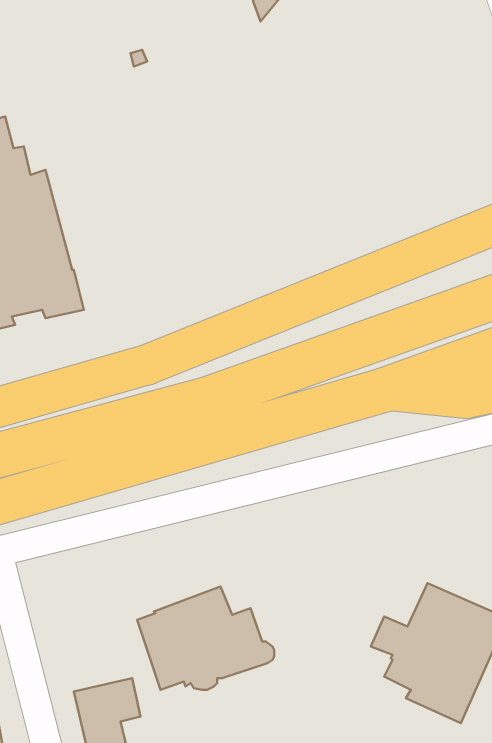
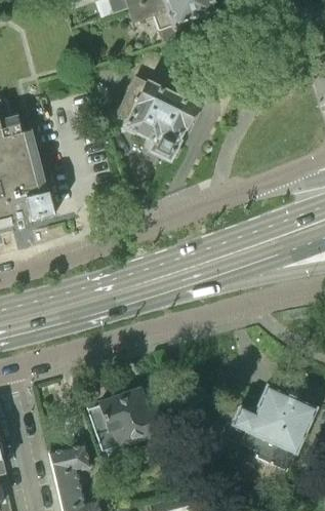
building: none -> [100,76,195,159]

